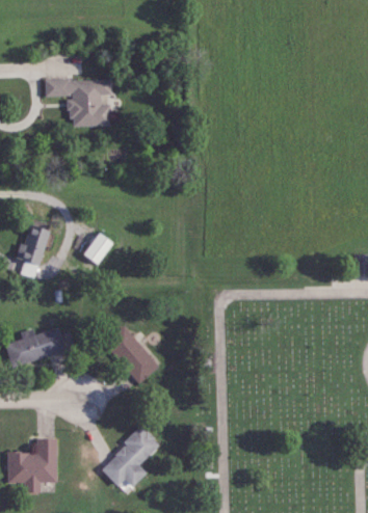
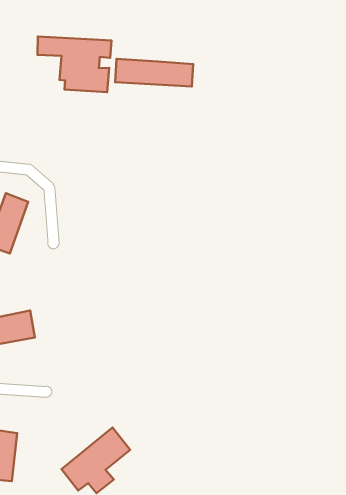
building: none -> [115,59,193,87]
building: [83,233,113,265] -> none
building: [104,326,159,383] -> none

